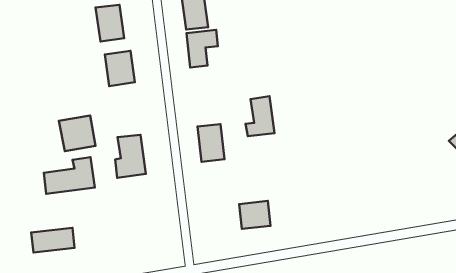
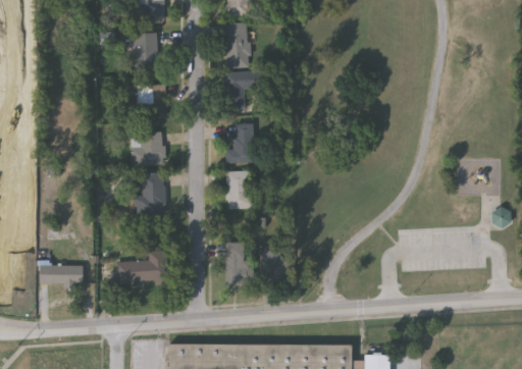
building: [245,96,274,136] -> [225,122,255,162]
building: [59,116,95,151] -> [129,130,165,165]
building: [44,157,95,194] -> [116,250,168,283]
building: none -> [225,242,252,285]

